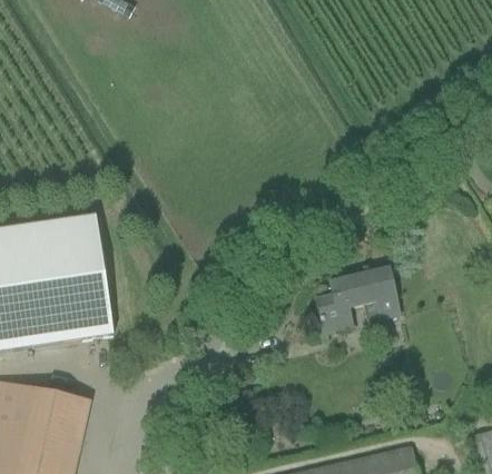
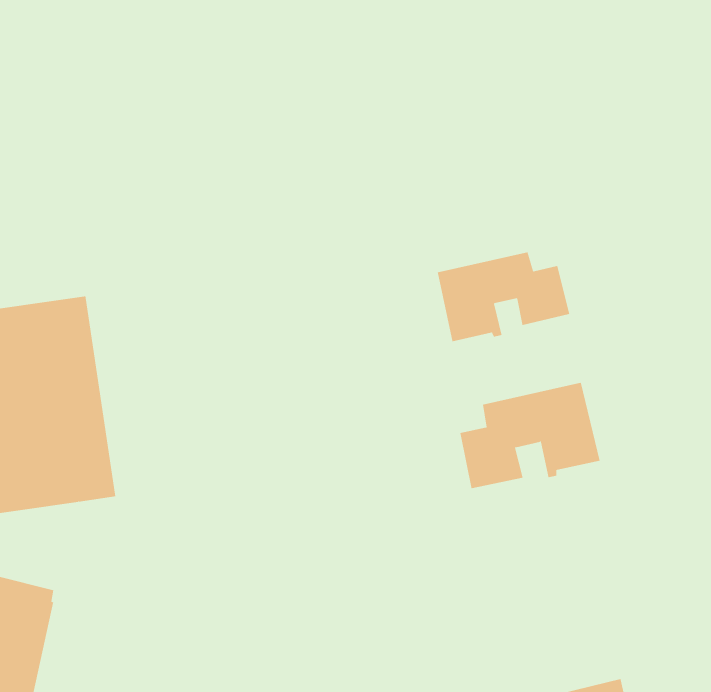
building: none -> [437,251,570,342]

